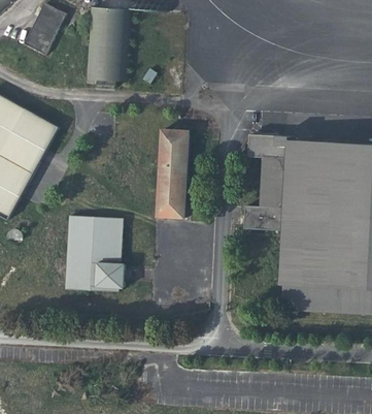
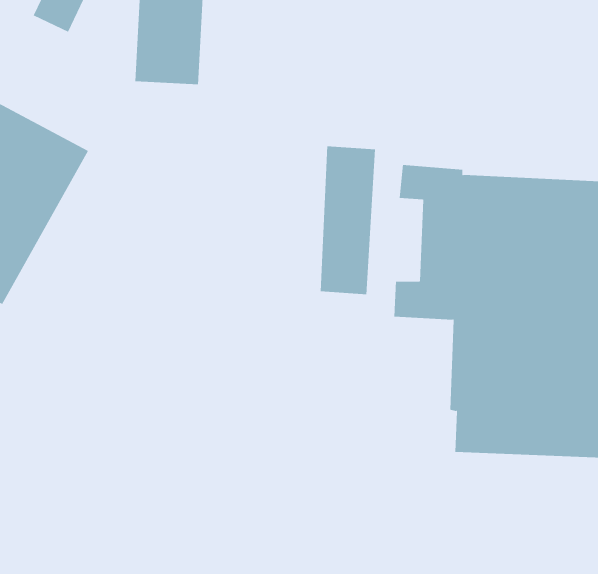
building: [156,128,190,219] -> [320,146,376,295]
building: [65,216,125,291] -> none

